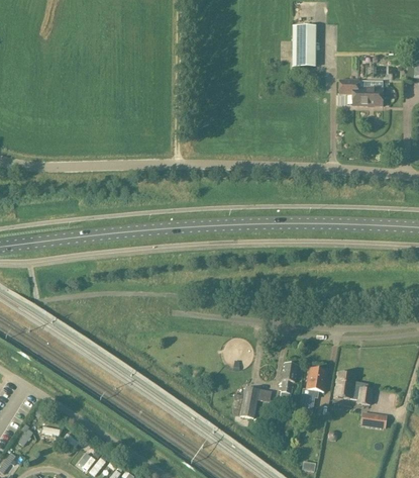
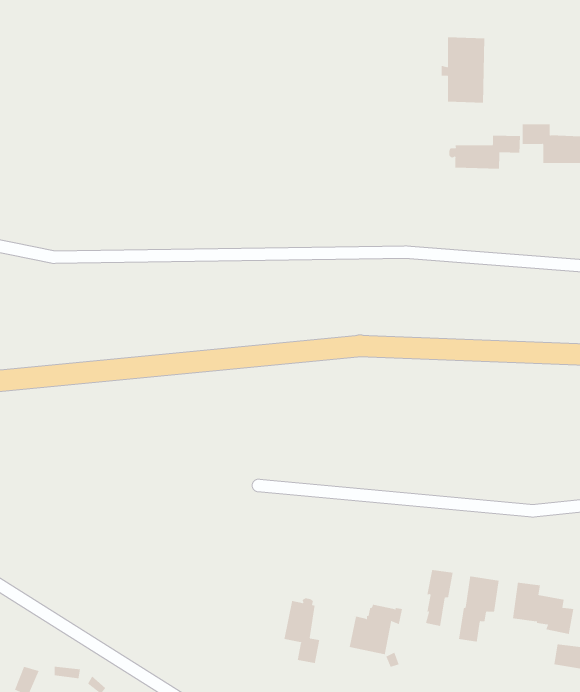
building: none -> [449,135,520,169]
building: none -> [284,597,320,664]

